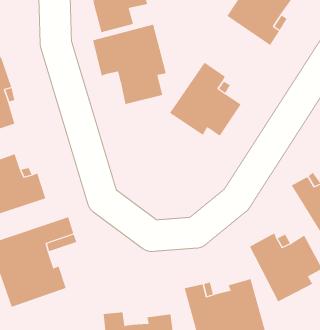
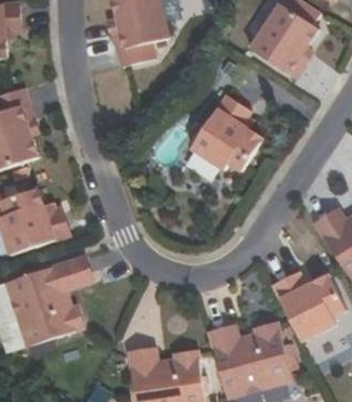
building: [93,24,166,105] -> none

